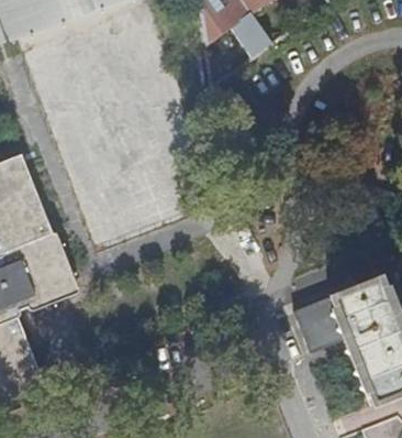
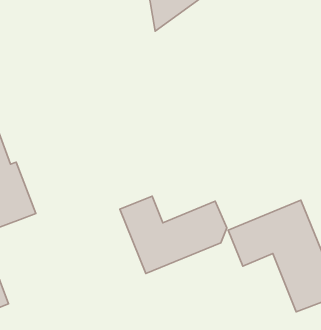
building: none -> [120,196,227,273]

